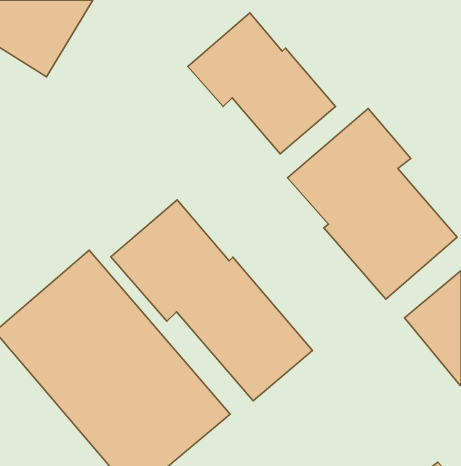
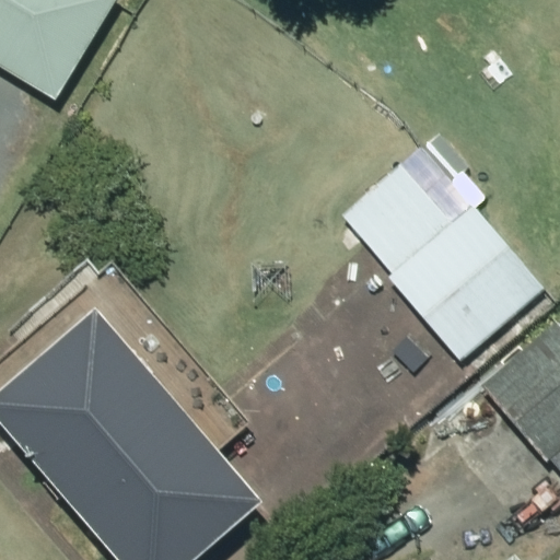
building: [188,13,336,154] -> none
building: [111,200,313,401] -> none

